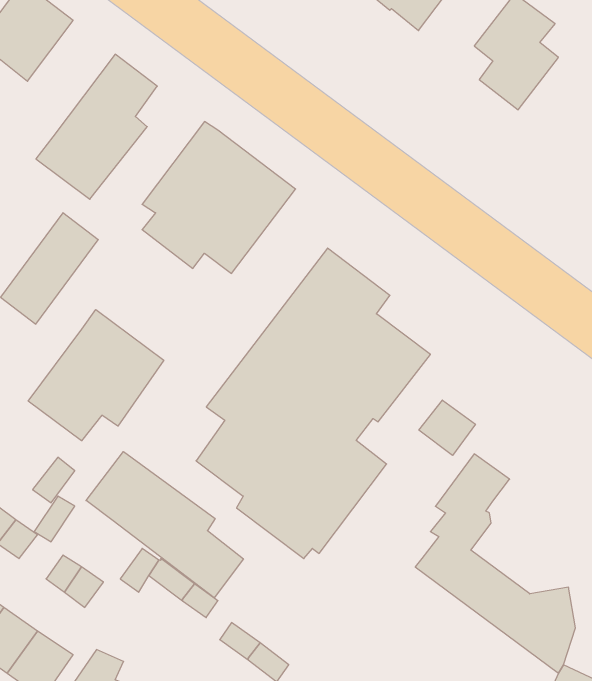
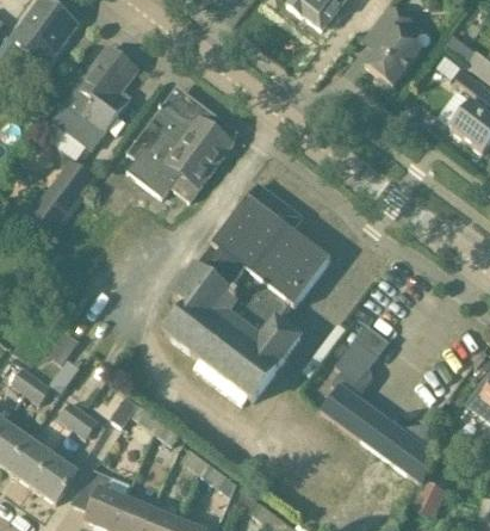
building: [28,310,164,441] -> none
building: [419,400,475,455] -> none
building: [86,452,243,598] -> none

